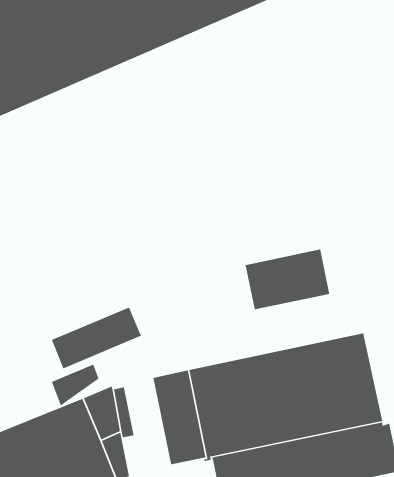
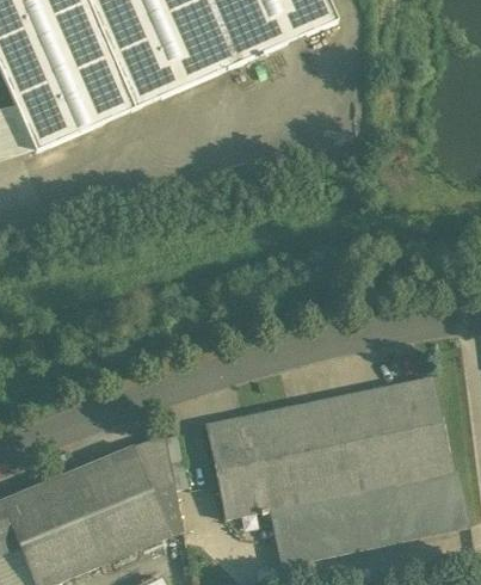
building: [244,249,330,310] -> none
building: [51,307,142,369] -> none
building: [51,363,100,407] -> none

